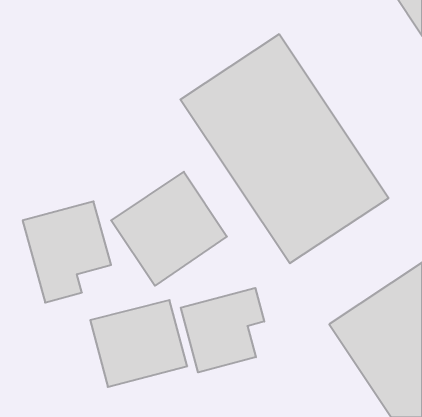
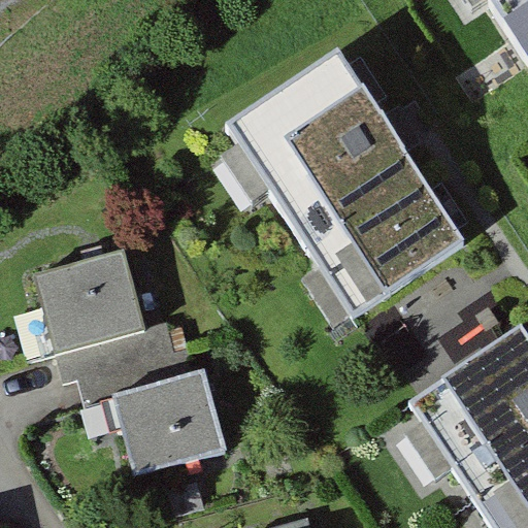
building: [111,172,227,286] -> none
building: [181,288,264,372] -> none

